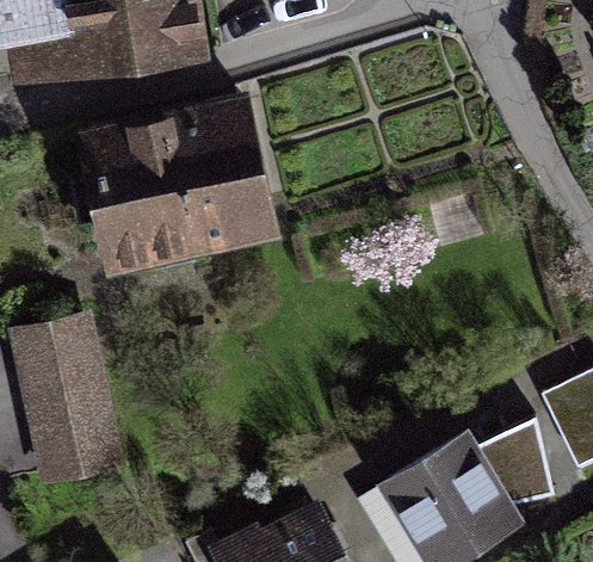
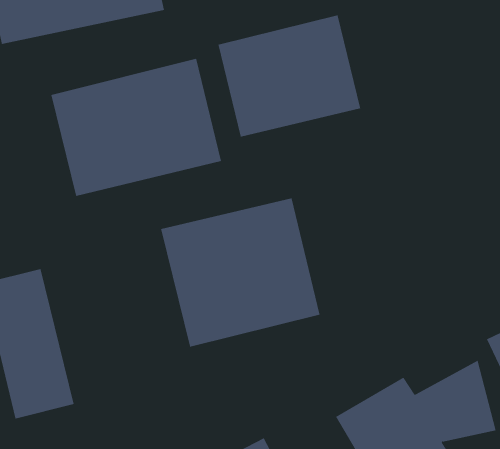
building: none -> [218,15,361,137]
building: none -> [161,197,320,347]

